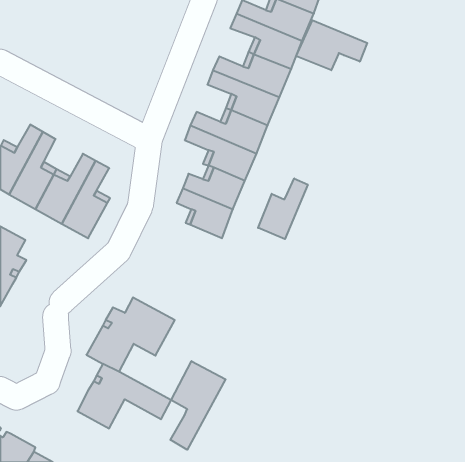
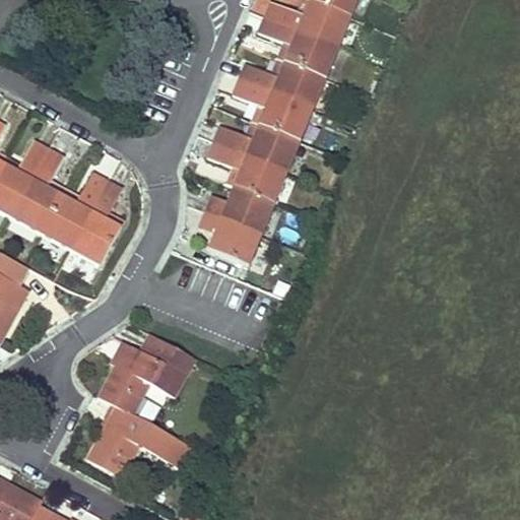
building: [296,20,367,70] -> none
building: [258,178,308,239] -> none
building: [170,361,226,450] -> none

